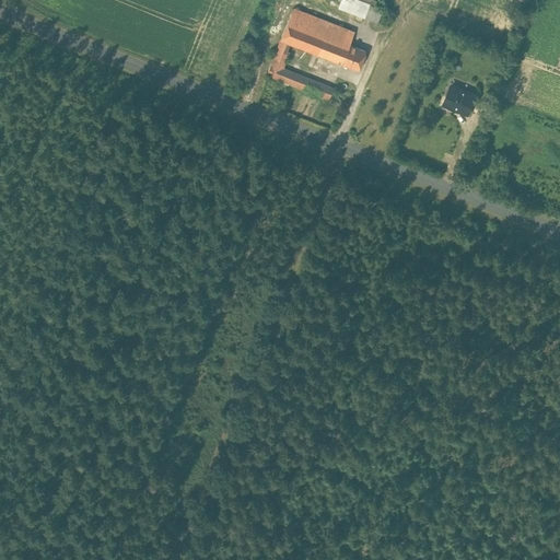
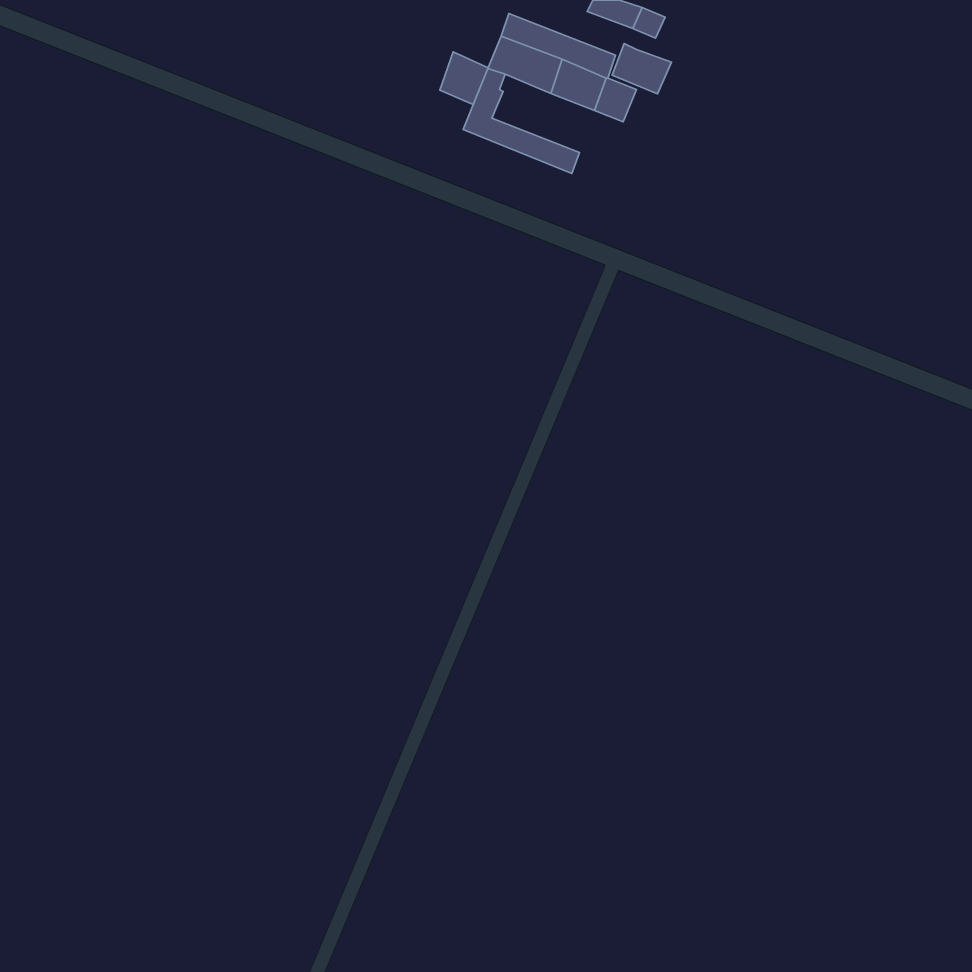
building: none -> [612,44,671,94]
building: none -> [440,52,488,105]
building: [445,85,476,114] -> none

